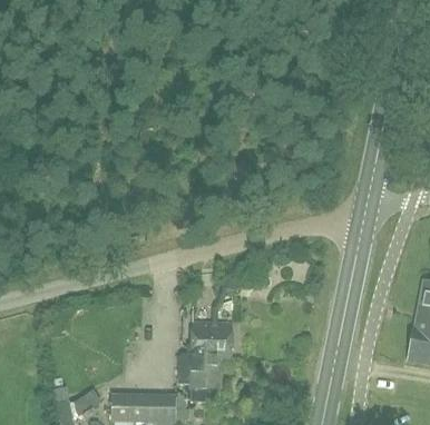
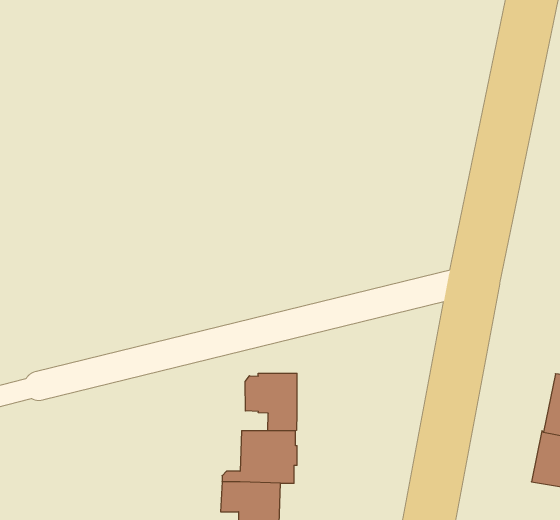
building: none -> [245,373,297,431]

